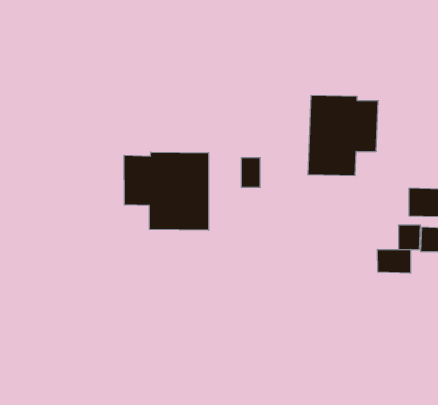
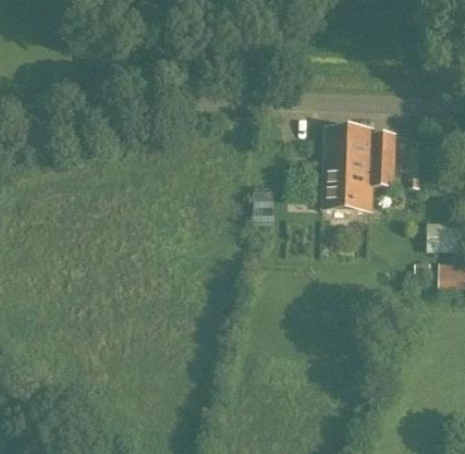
building: [124,152,209,230] -> none
building: [377,249,411,273] -> none

